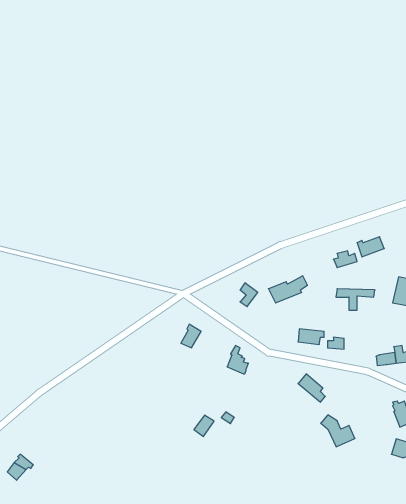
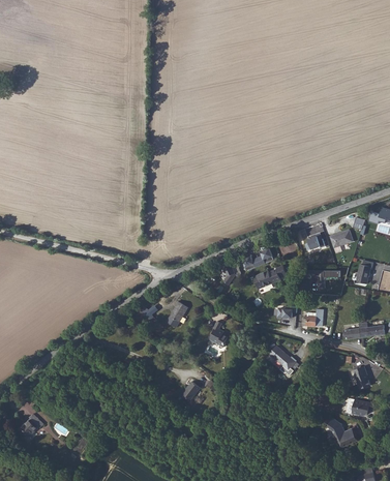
building: [321,415,355,447] -> [327,421,357,449]

